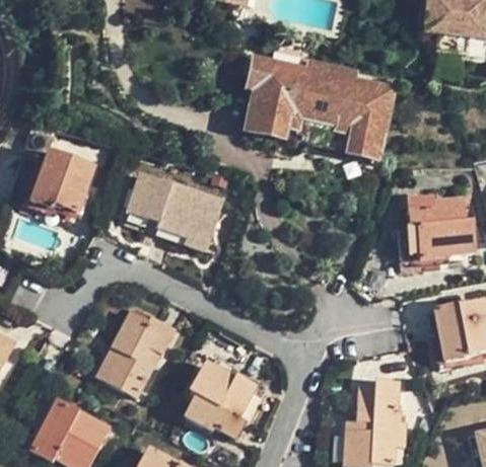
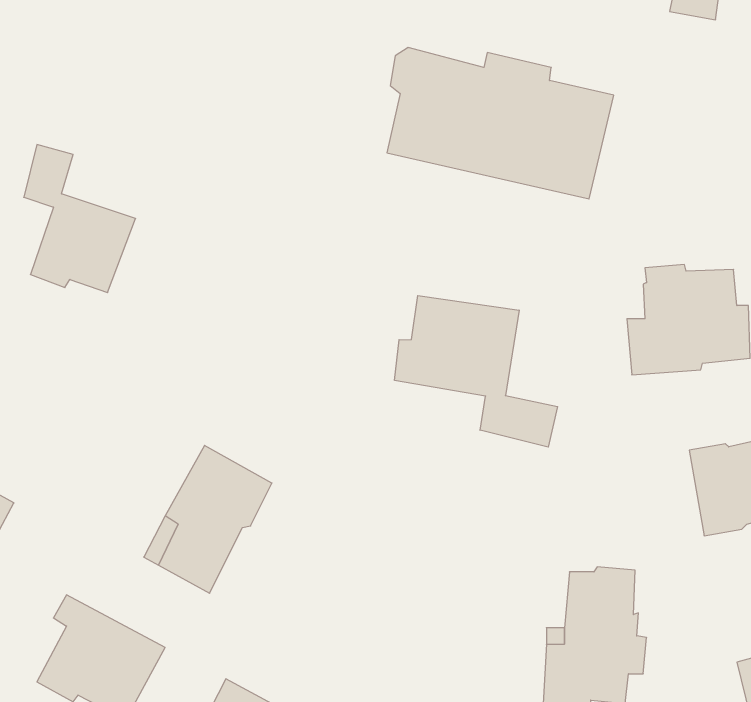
building: [126,172,221,250] -> none
building: none -> [395,296,558,447]
building: [185,365,256,438] -> none

